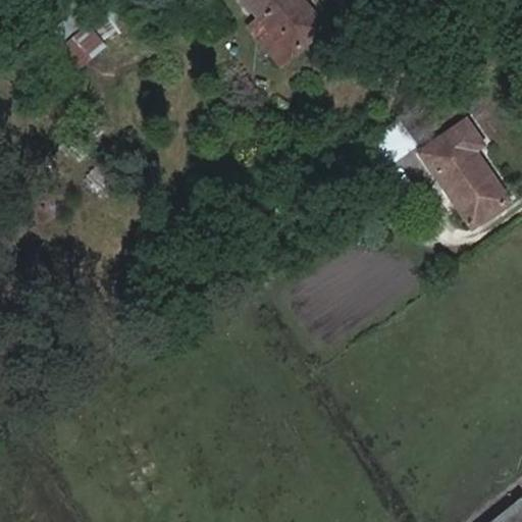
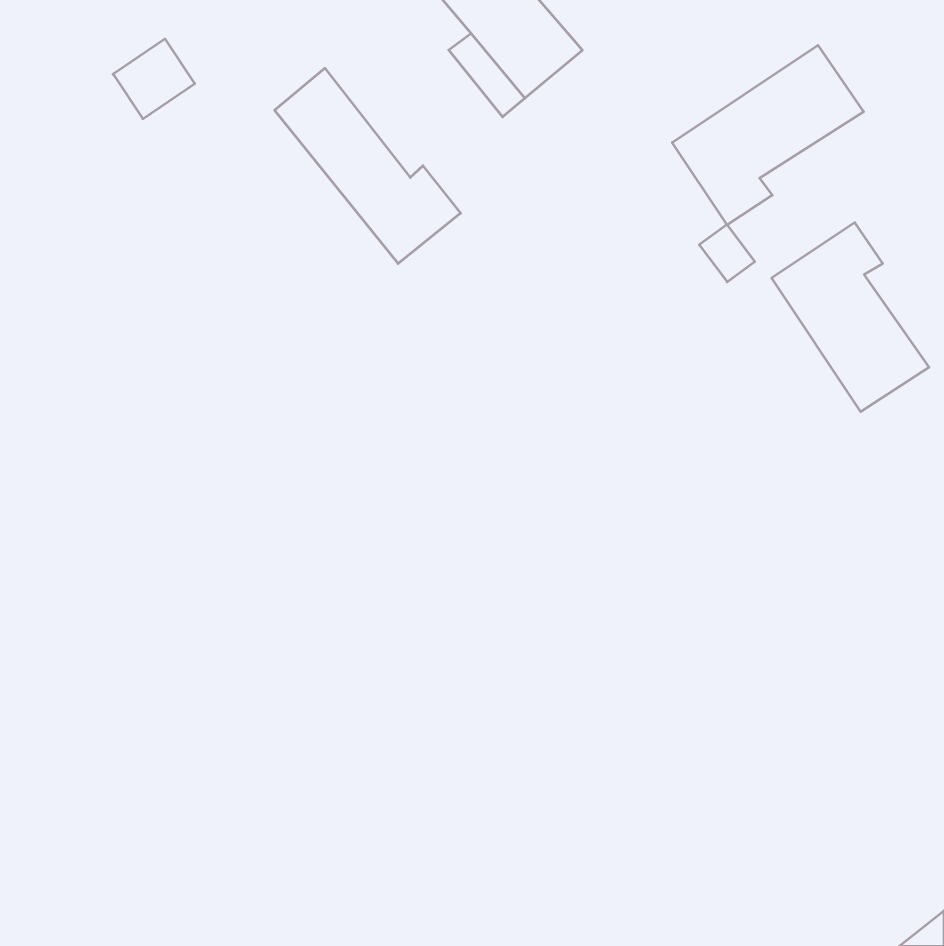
building: none -> [672,45,864,225]
building: none -> [275,68,461,264]

